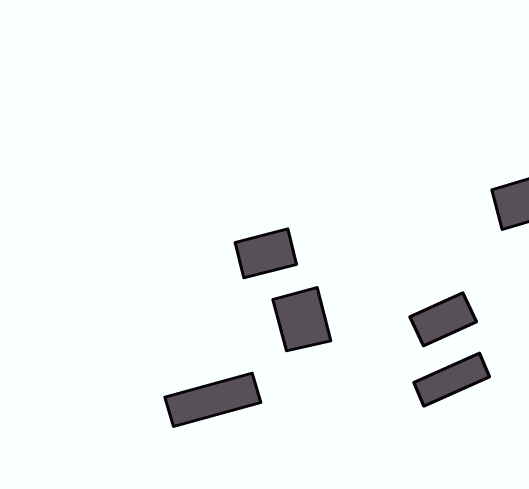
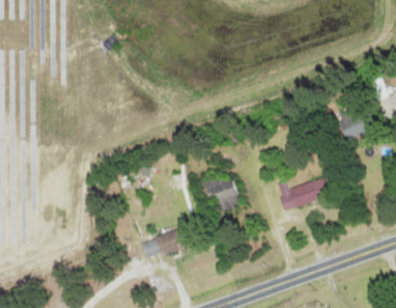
building: [235,229,296,278] -> none
building: [414,353,489,406] -> none

